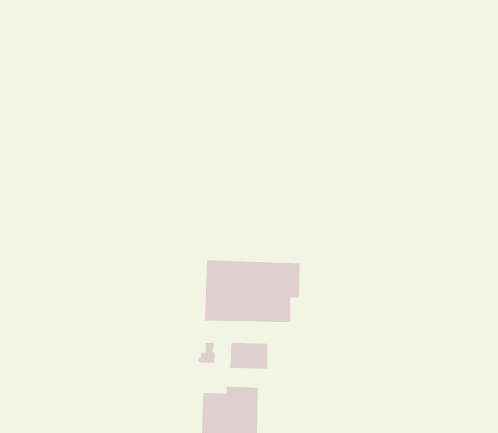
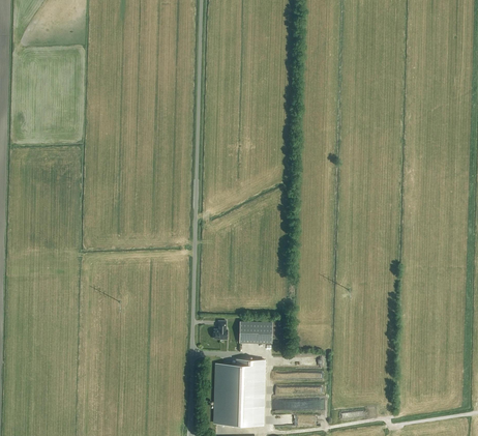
building: [204,260,300,323] -> none

